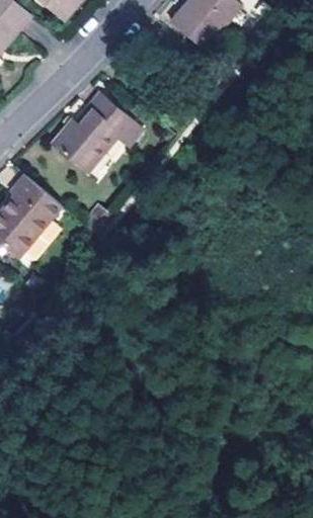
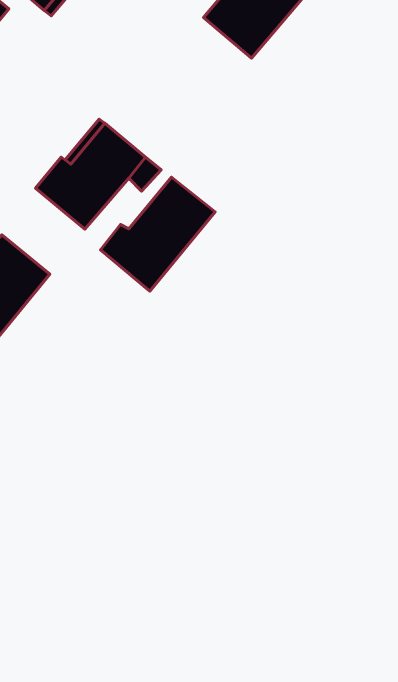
building: none -> [100,177,215,291]

